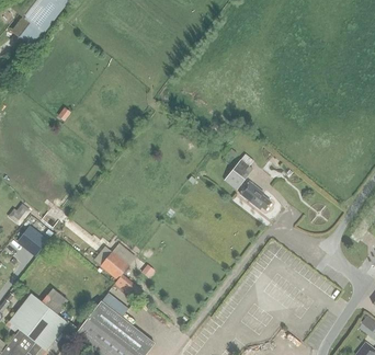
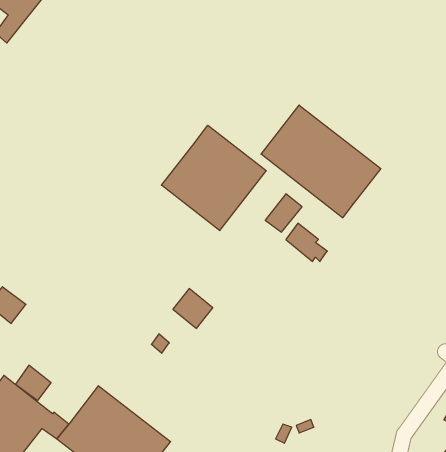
building: none -> [261,105,381,218]
building: none -> [161,125,266,231]
building: [100,250,129,279] -> [173,289,213,328]

